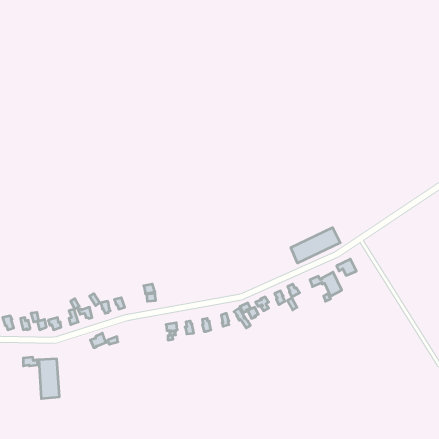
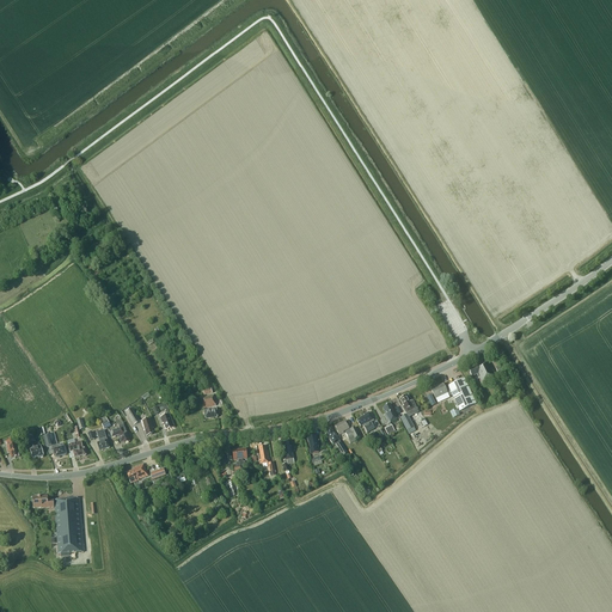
building: [291,228,340,263] -> none

